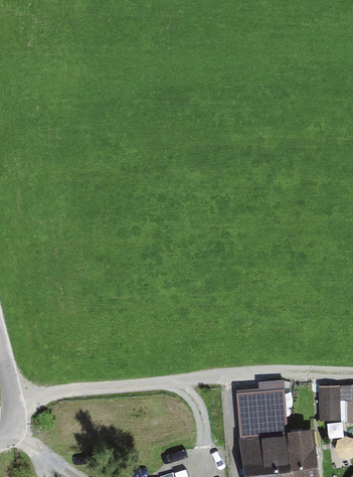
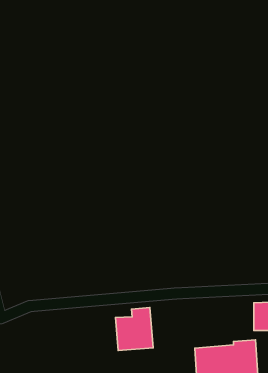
building: [237,379,283,431] -> [116,308,153,350]

